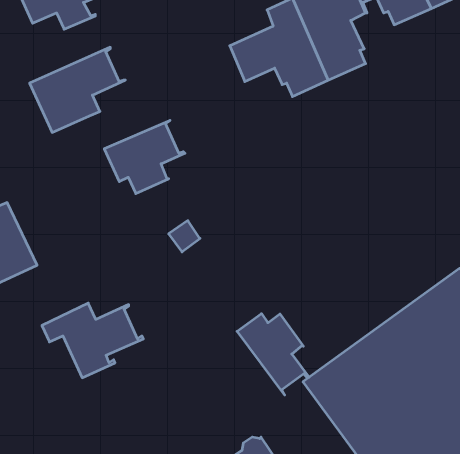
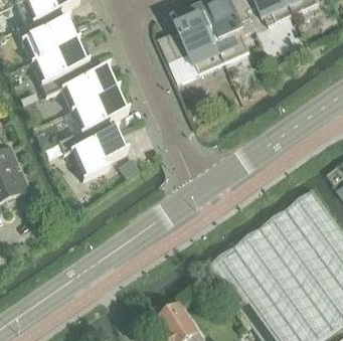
building: none -> [9,17,77,64]
building: none -> [63,62,118,109]
building: [42,303,143,378] -> [58,128,127,178]
building: [237,314,309,395] -> none

